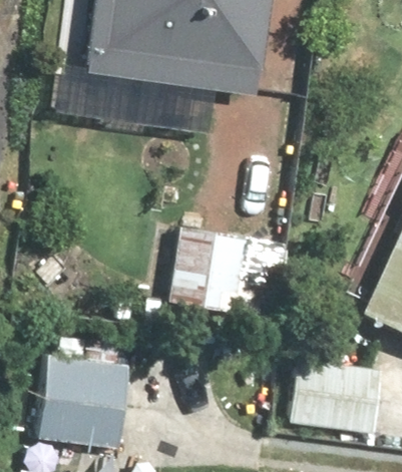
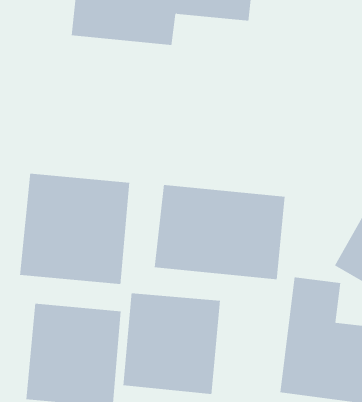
building: none -> [20,173,130,285]
building: none -> [123,292,220,395]

